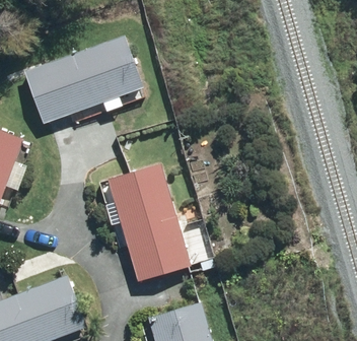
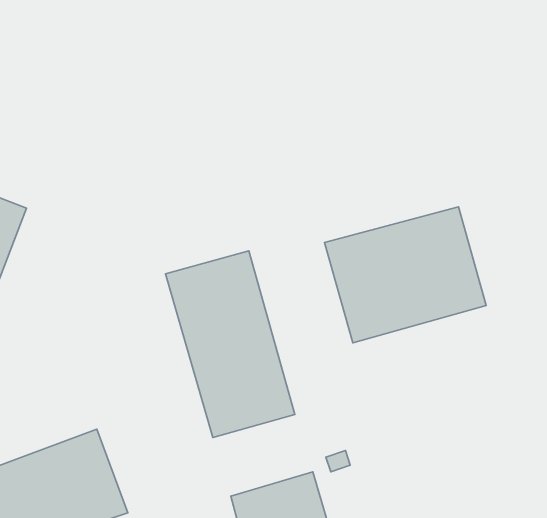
building: [25,38,143,124] -> none
building: none -> [324,207,486,343]

